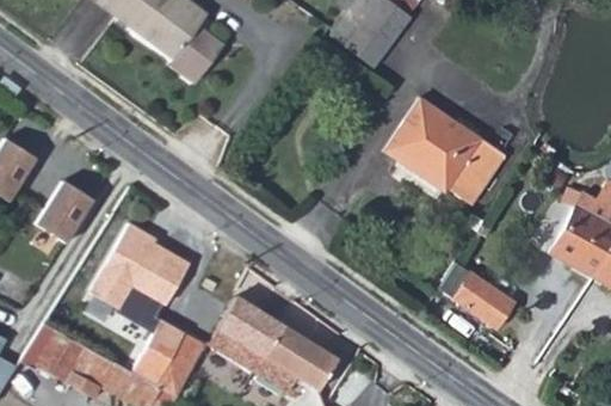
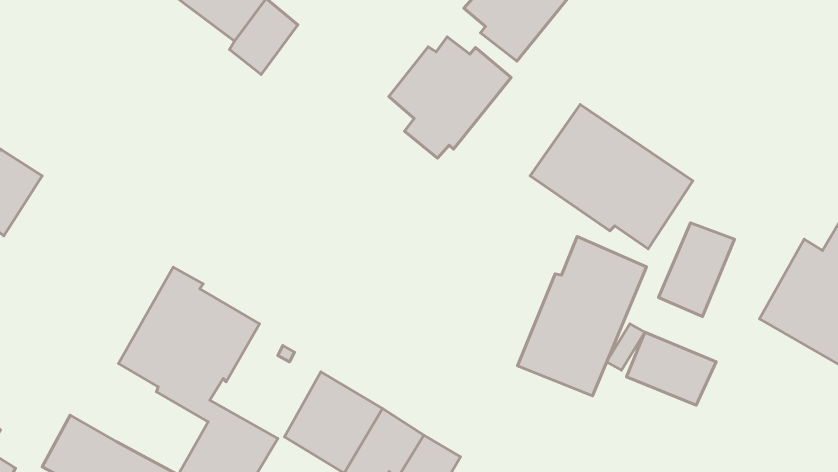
building: none -> [389,37,511,158]
building: [36,179,93,240] -> none
building: none -> [658,223,735,316]
building: none -> [517,237,646,396]

